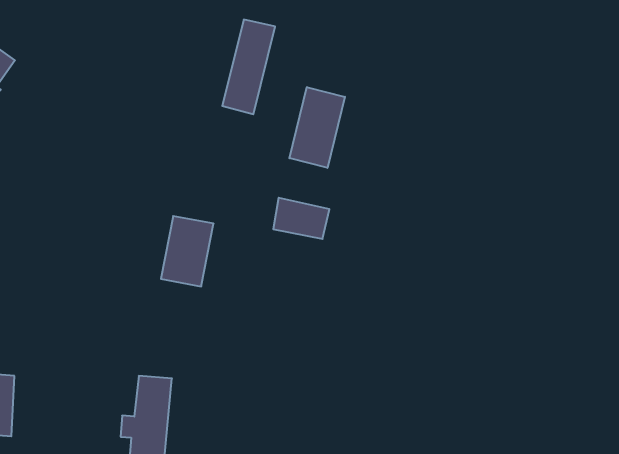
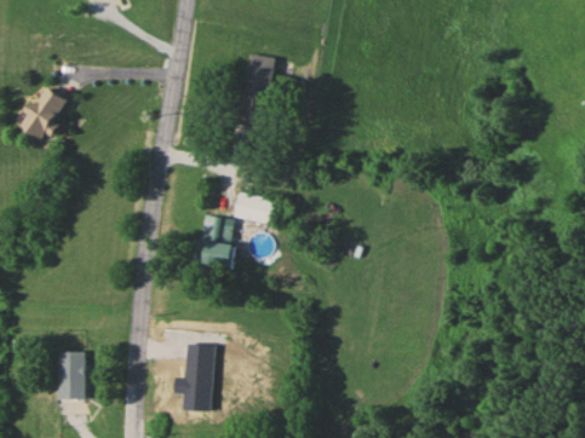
building: [289,87,345,168] -> none
building: [273,198,329,239] -> [234,194,277,224]

